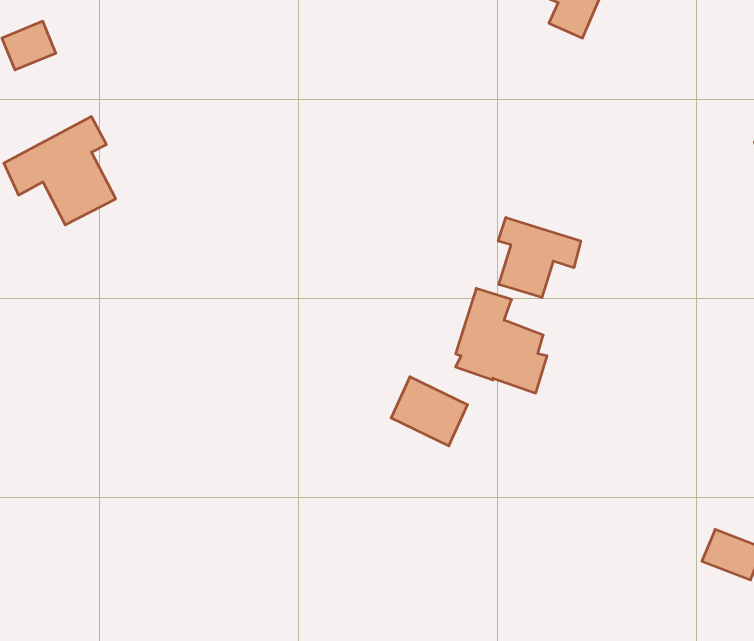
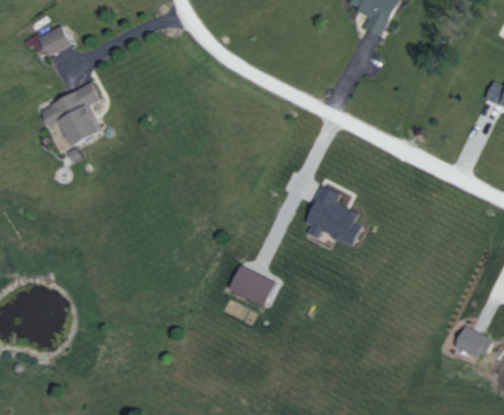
building: [498,217,581,298] -> none
building: [391,377,468,446] -> [230,265,275,306]

